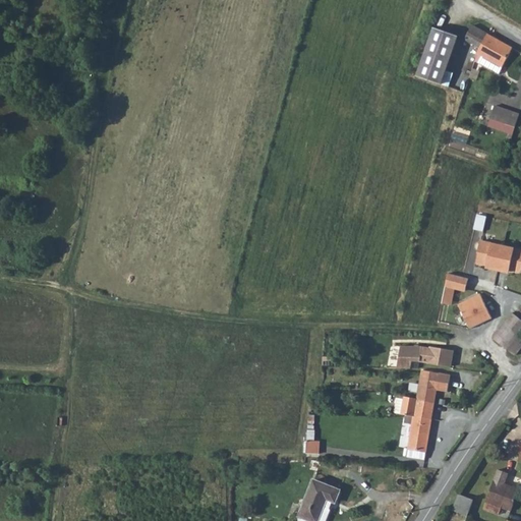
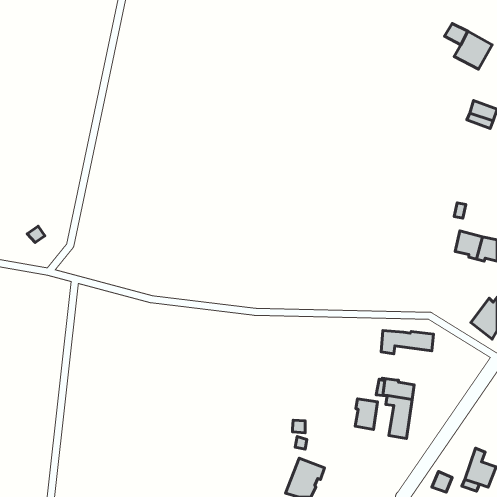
building: [417,28,458,84] -> none
building: [442,275,467,305] -> none
building: [457,293,491,329] -> none
building: [416,368,449,402] -> none
building: none -> [355,399,378,429]

